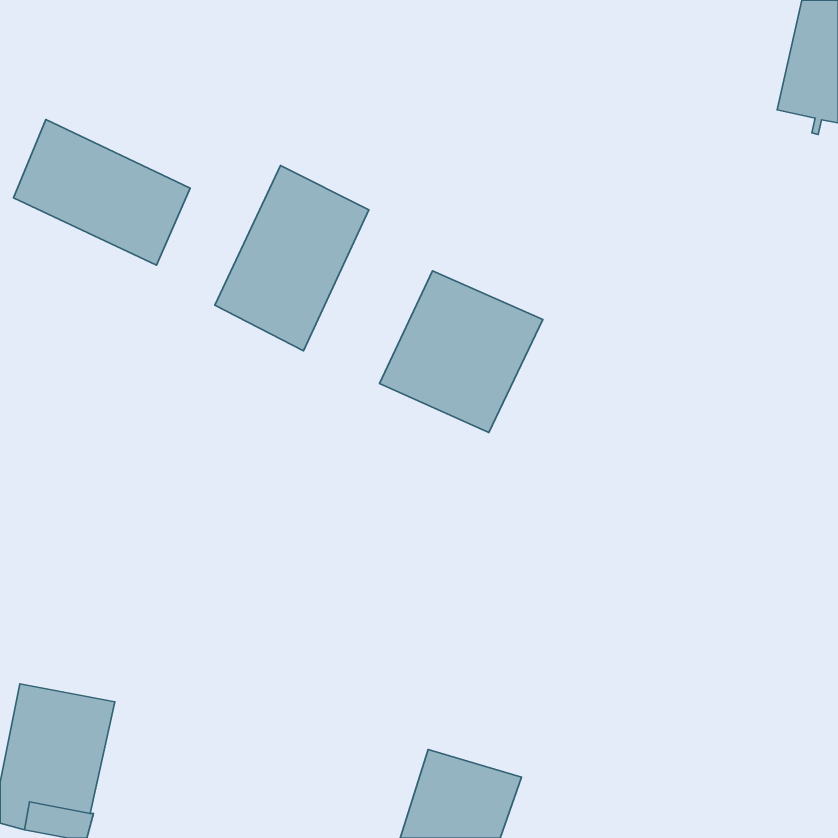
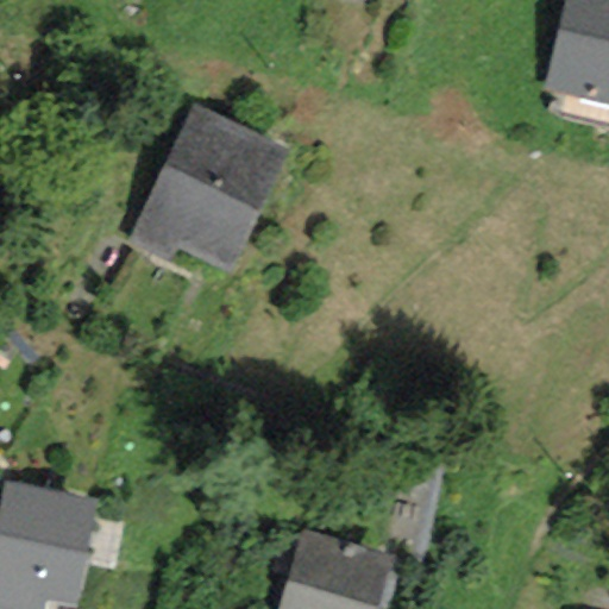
building: [13,120,190,265] -> none
building: [380,271,543,433] -> none

